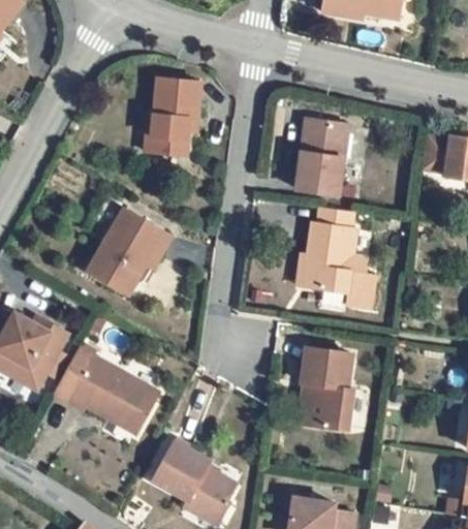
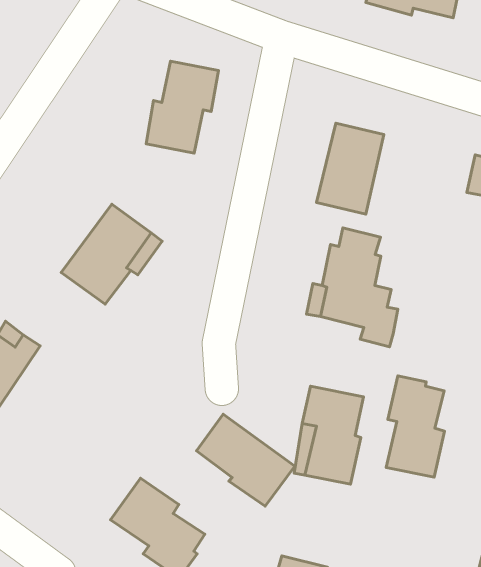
building: none -> [386,376,445,477]
building: [55,343,160,433] -> none
building: none -> [197,414,295,506]

